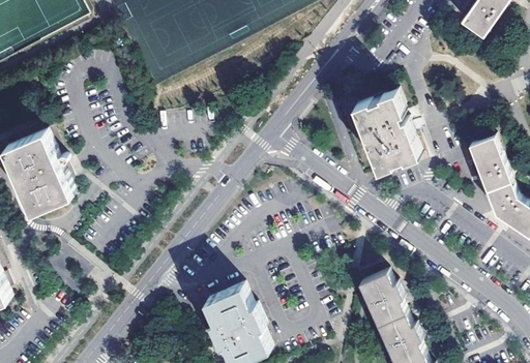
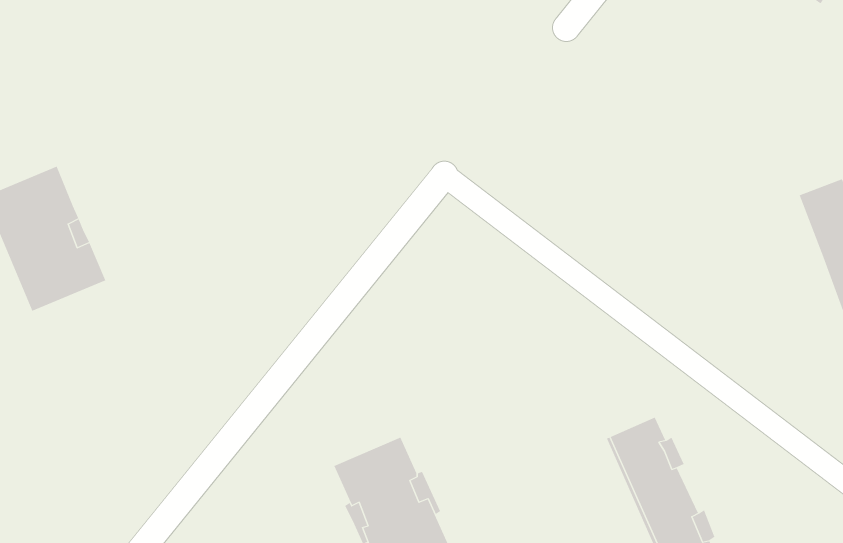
building: [354,92,421,173] -> none

